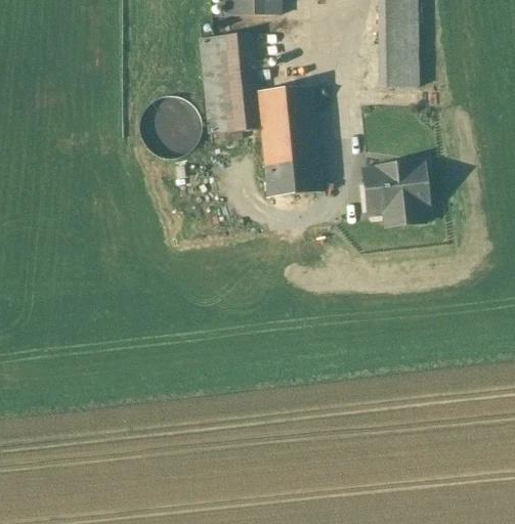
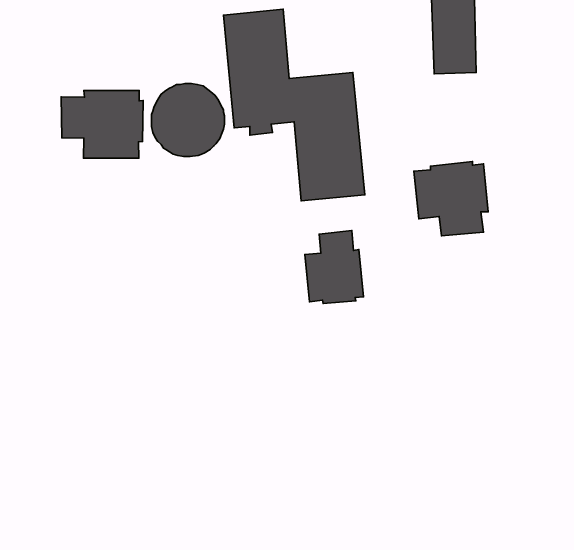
building: none -> [61,90,143,158]
building: none -> [305,230,363,304]

